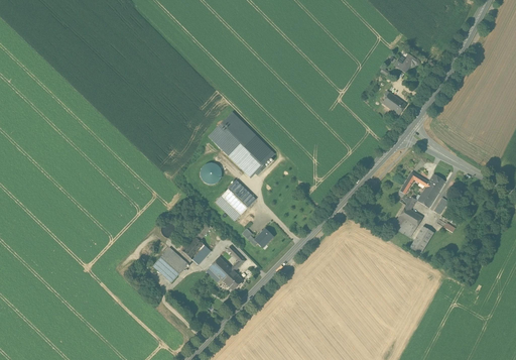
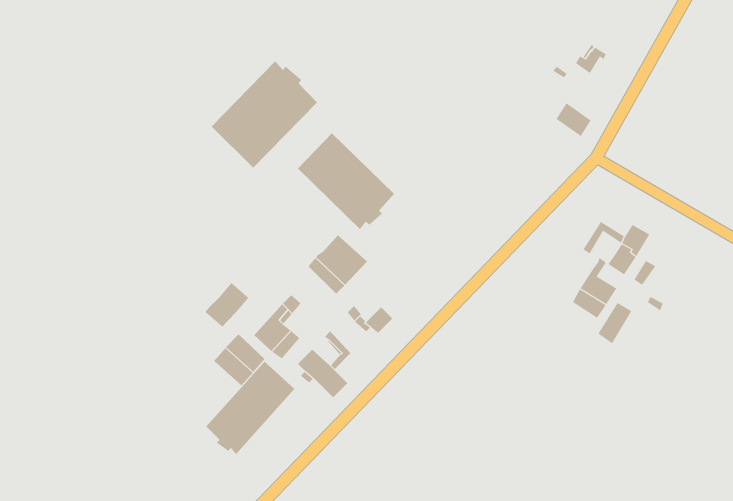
building: none -> [211,60,318,169]
building: [200,162,222,185] -> none
building: none -> [204,282,249,327]
building: none -> [205,361,295,455]

